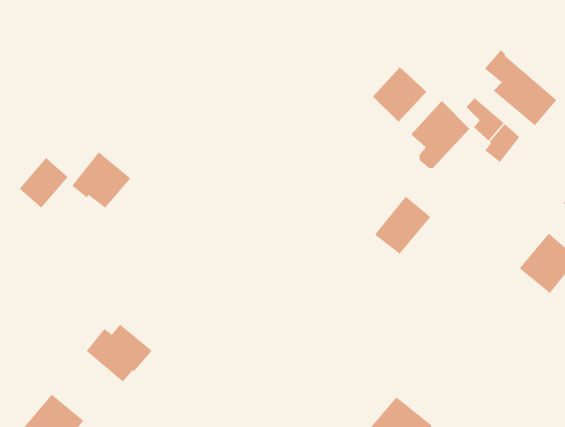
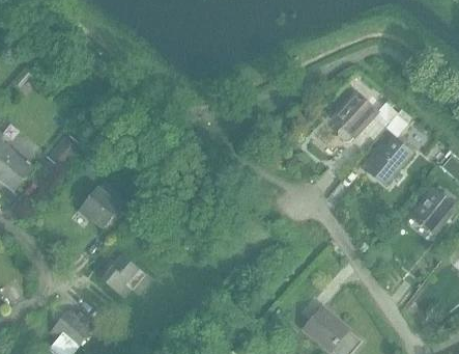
building: [484,50,557,126] -> none
building: [372,67,427,122] -> none
building: [71,151,131,208] -> [77,186,120,227]
building: [374,196,431,254] -> [368,138,409,181]

